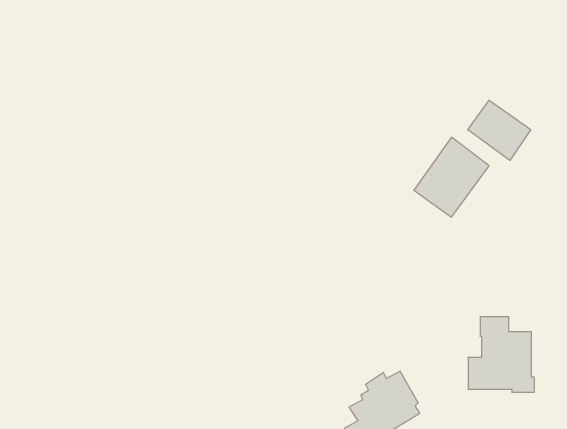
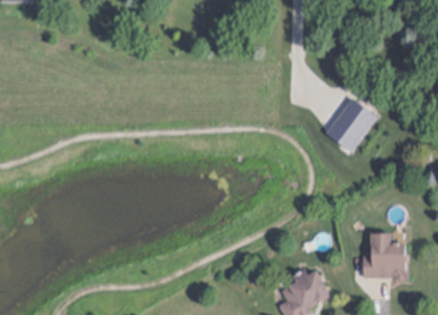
building: [468,100,531,160] -> none

